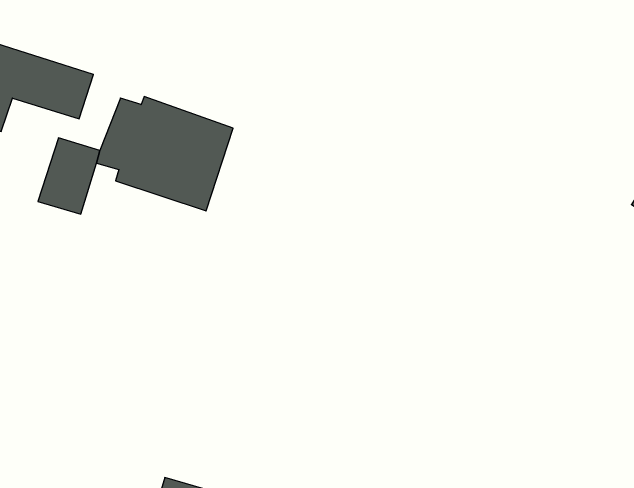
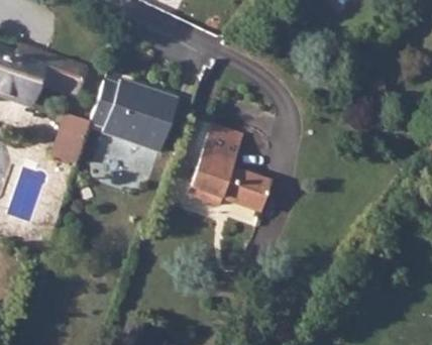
building: none -> [191,124,272,211]

